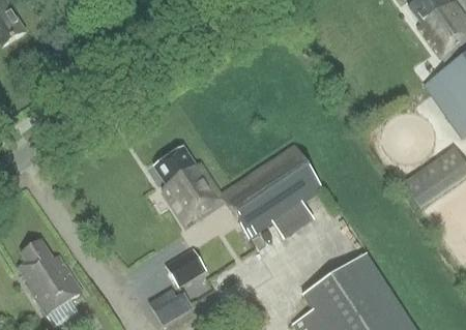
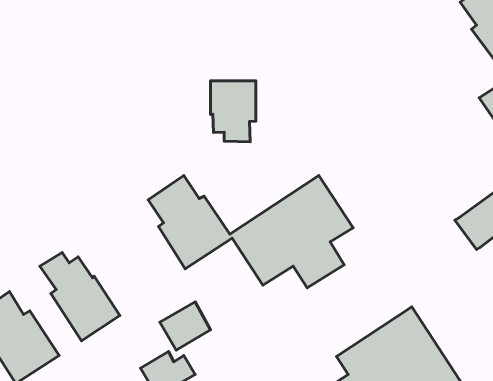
building: none -> [210,81,256,142]
building: none -> [40,252,120,341]

